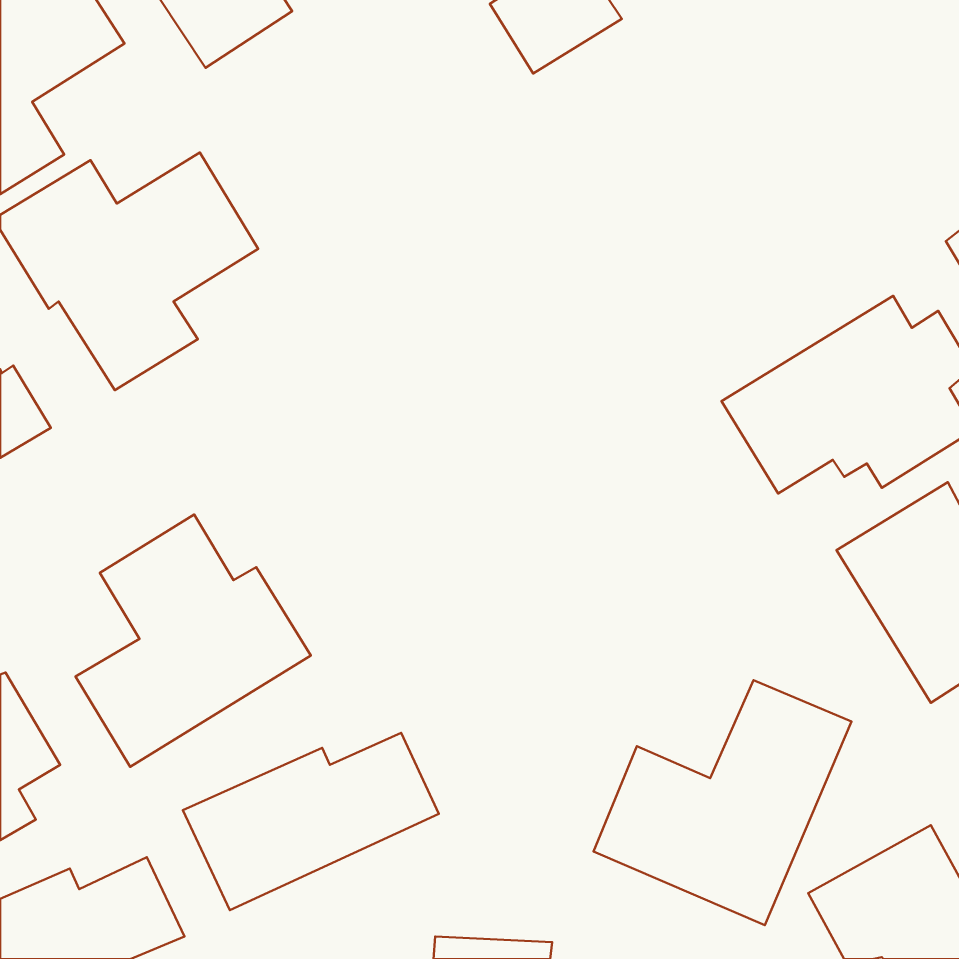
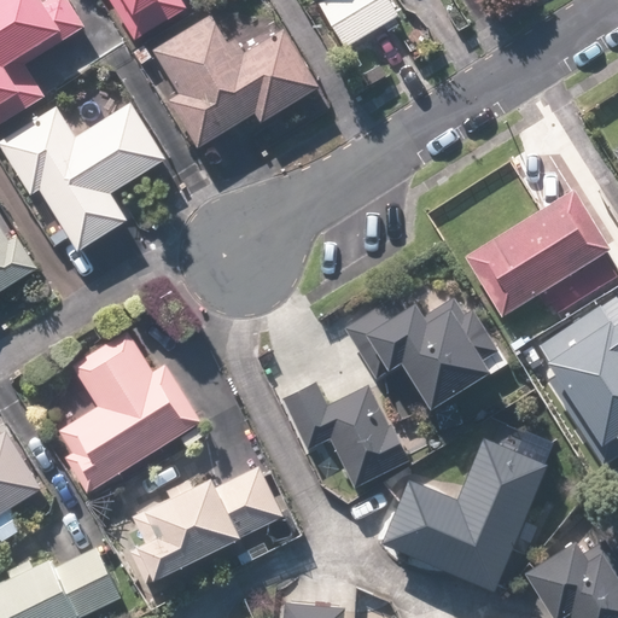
building: none -> [151,16,323,150]
building: none -> [340,286,506,412]
building: none -> [281,383,406,489]

